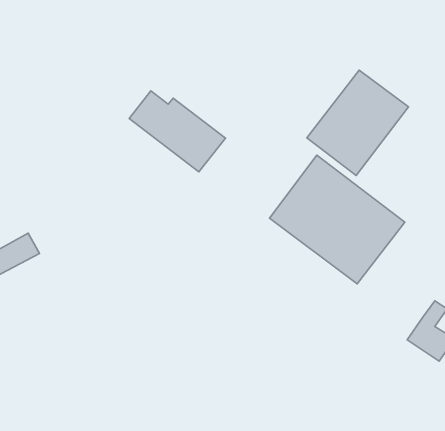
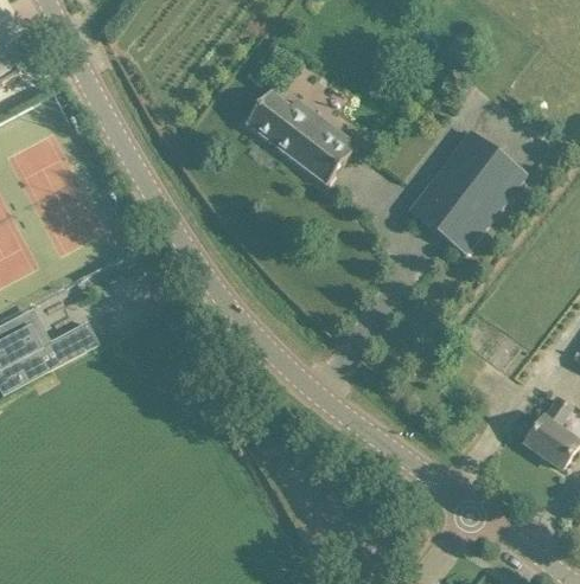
building: [129,91,226,172] -> [244,90,356,184]
building: [270,155,405,284] -> none

